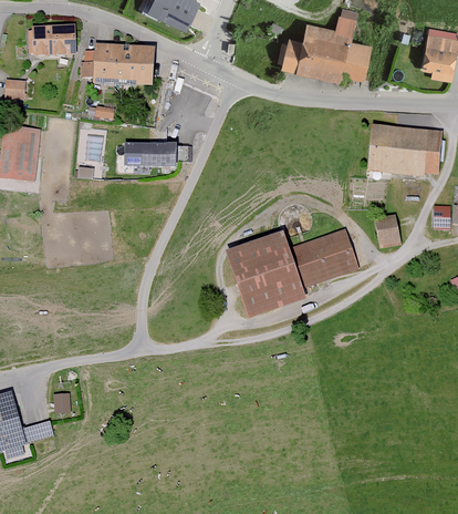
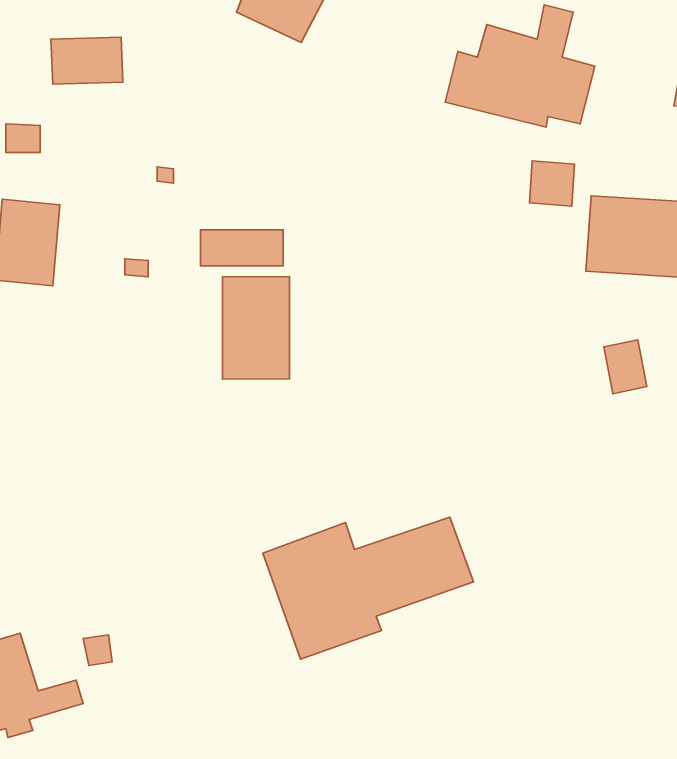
building: [93,47,156,88] -> none
building: none -> [529,161,574,206]
building: none -> [222,276,290,379]
building: [230,228,360,316] -> [263,517,473,659]

